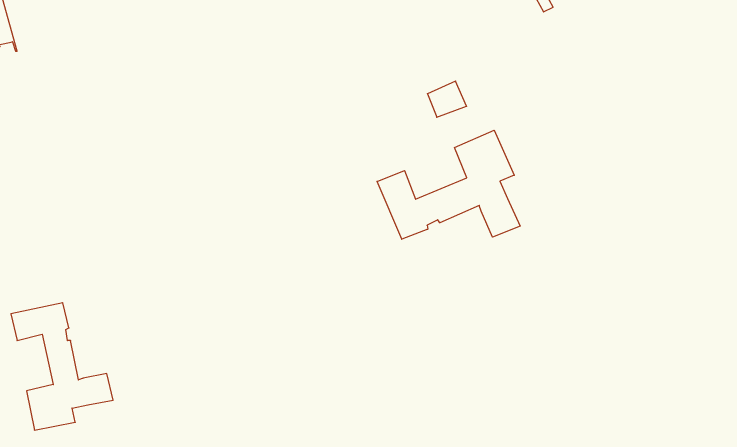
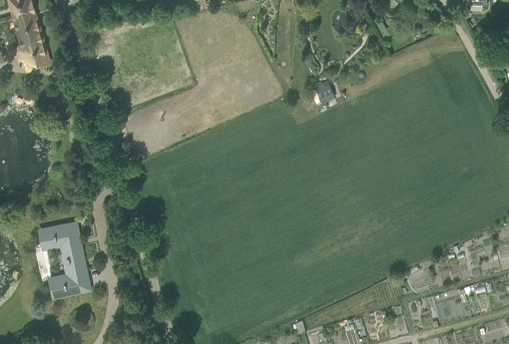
building: [377,130,520,239] -> none

